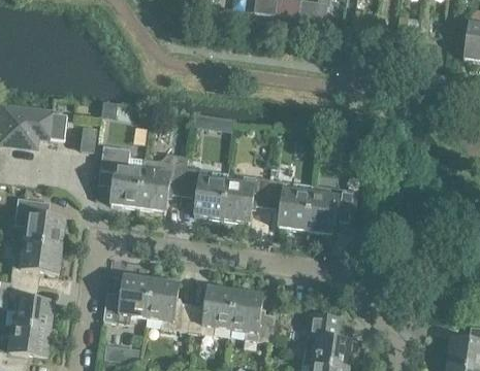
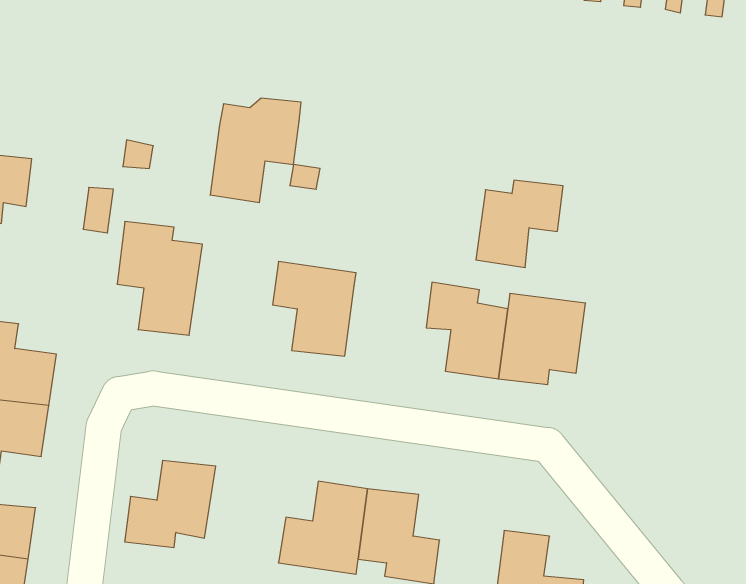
building: [137,155,187,211] -> [210,98,301,203]
building: [222,175,269,223] -> [476,180,563,267]
building: [146,278,190,331] -> none

